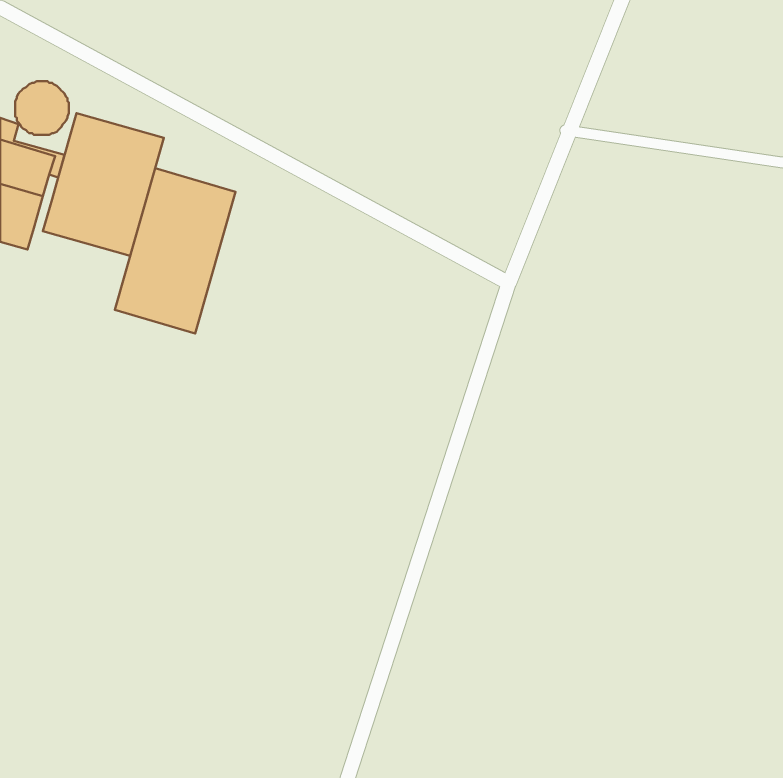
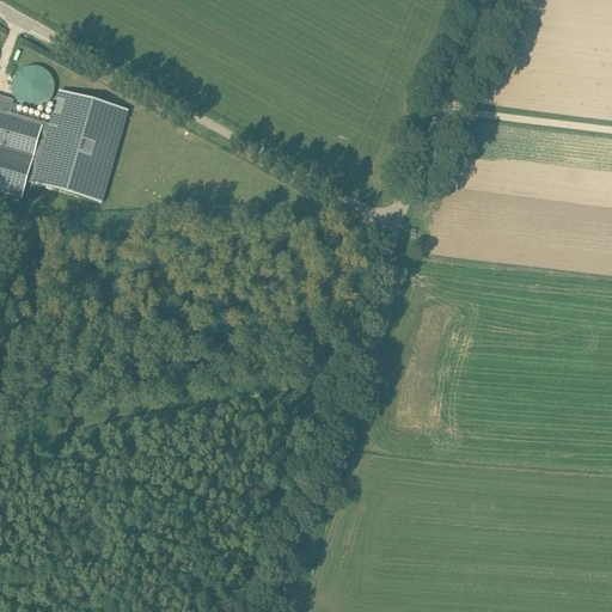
building: [115,168,236,333] -> none

